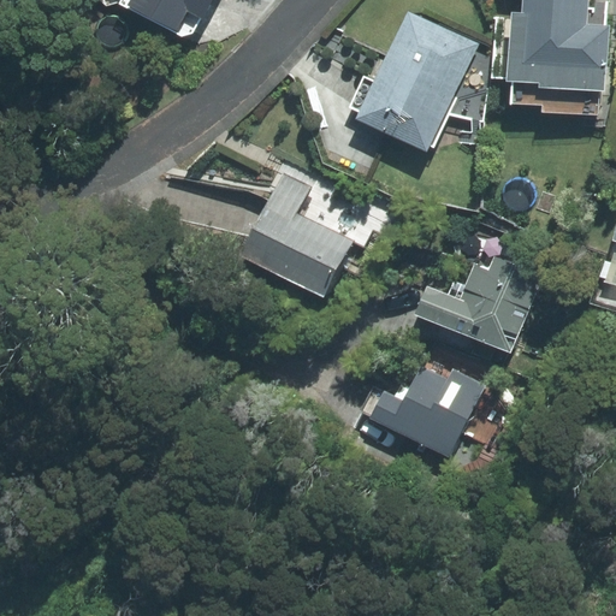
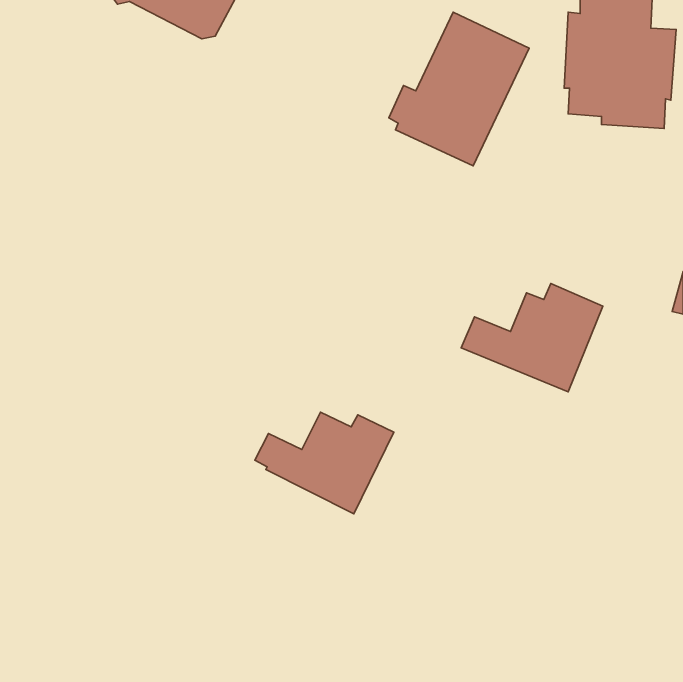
building: [242,172,351,296] -> none
building: [361,366,486,457] -> [255,412,394,514]

